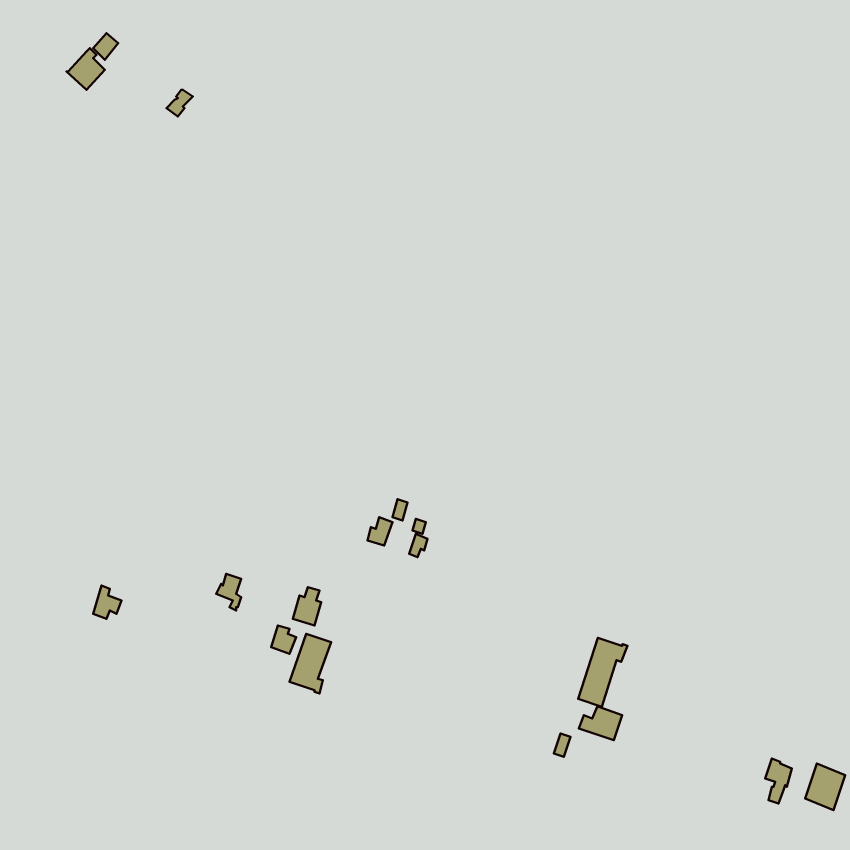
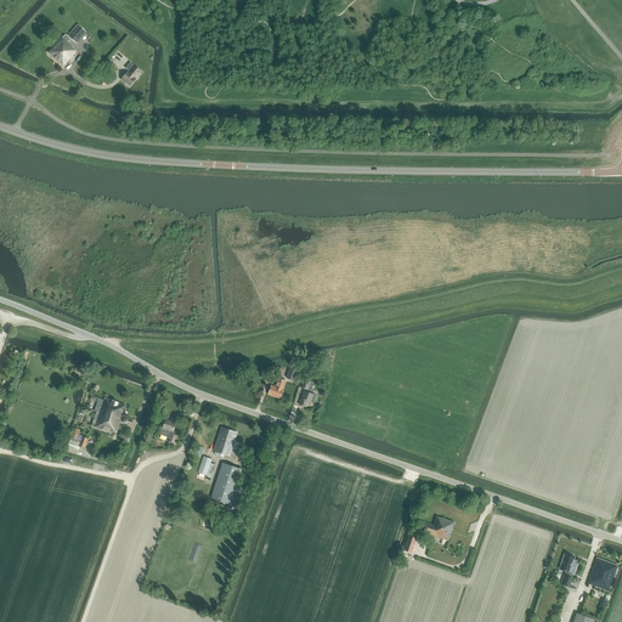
building: none -> [91,398,125,434]
building: [578,638,628,707] -> none

